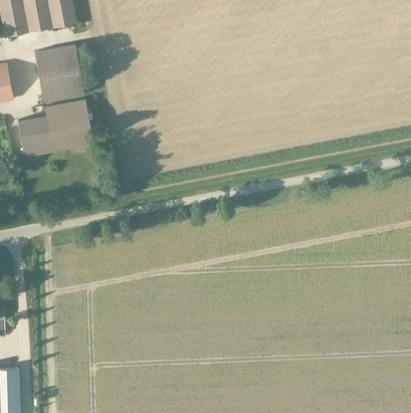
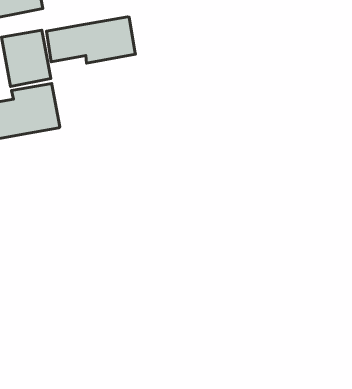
building: none -> [46,17,135,63]

